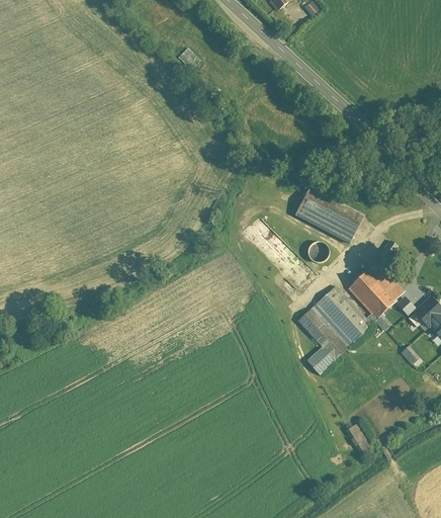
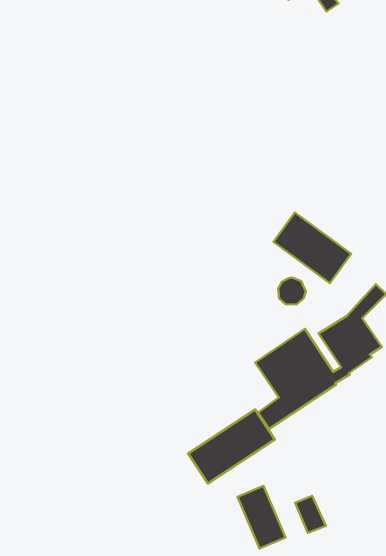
building: none -> [188,409,275,483]
building: none -> [238,486,285,548]

